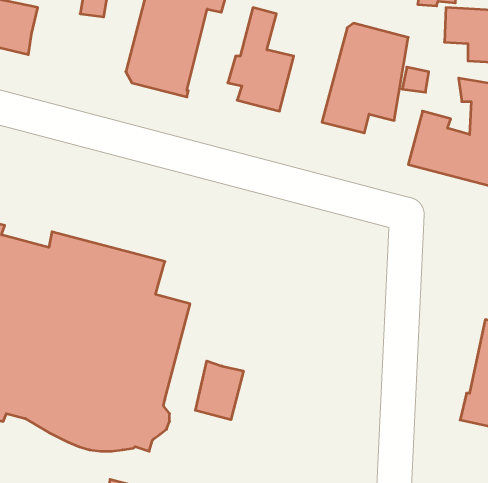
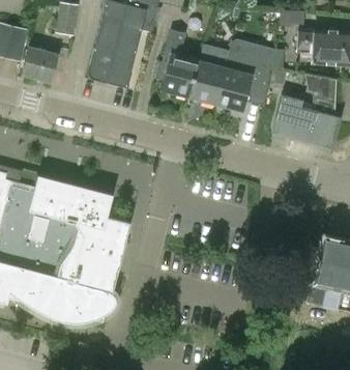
building: none -> [188,42,233,105]
building: none -> [23,48,59,83]
building: [195,361,243,420] -> none

